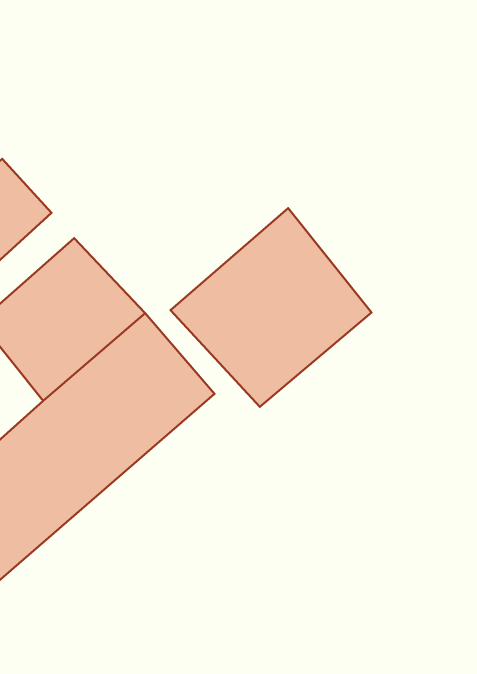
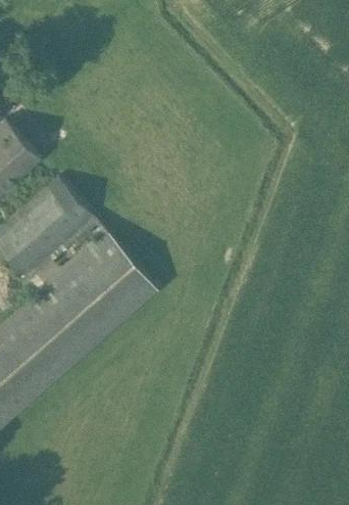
building: [171,208,372,407] -> none

